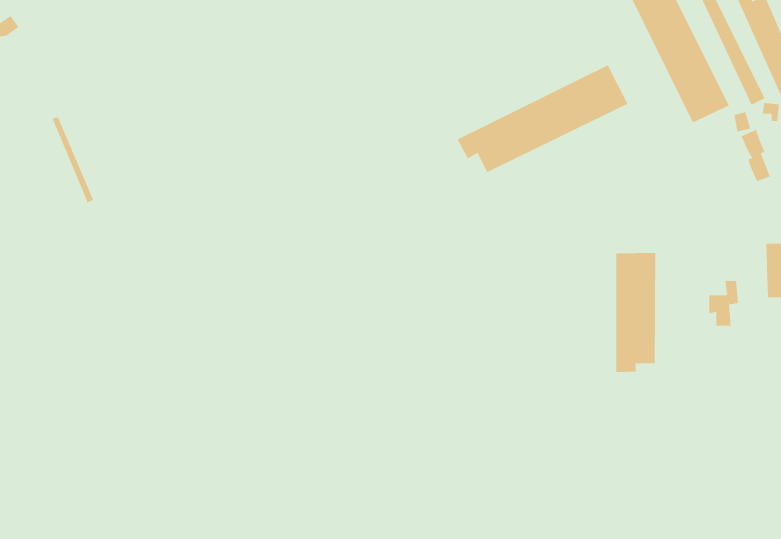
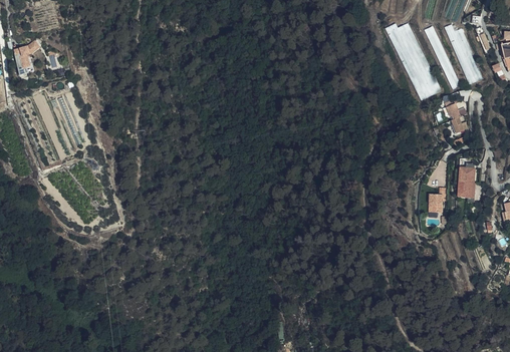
building: [456,64,628,173] -> none
building: [616,252,656,373] -> none

